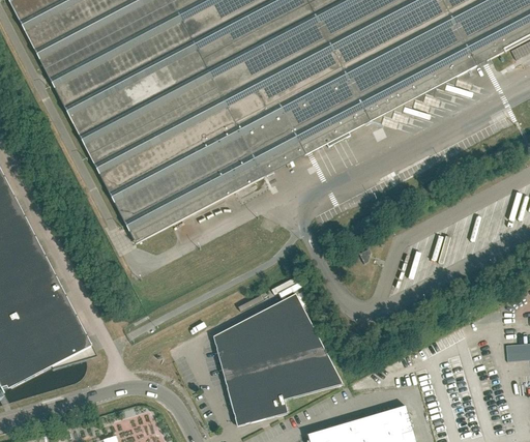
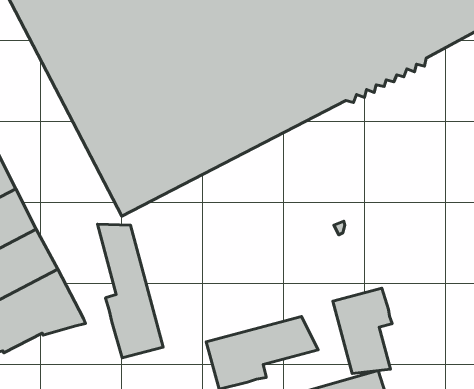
building: none -> [97,224,163,358]
building: [213,293,324,375] -> none
building: none -> [333,288,392,373]

